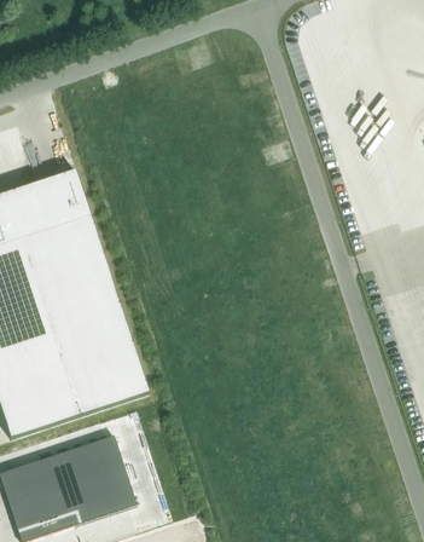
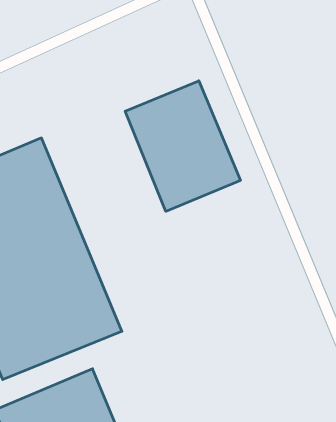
building: none -> [125,81,240,211]

